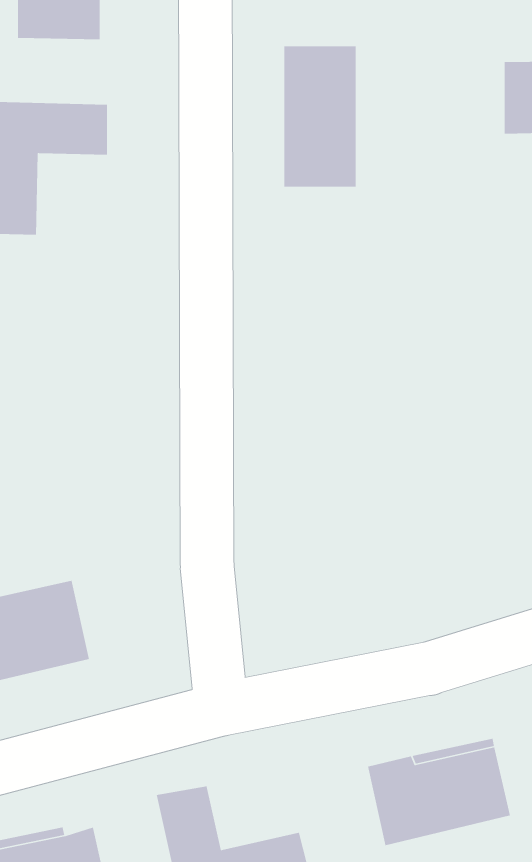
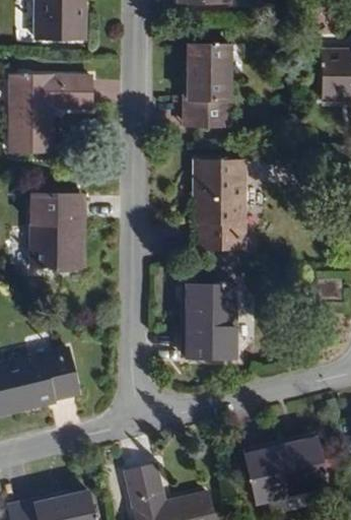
building: none -> [198,160,245,250]
building: none -> [33,194,82,269]
building: none -> [180,287,226,361]

